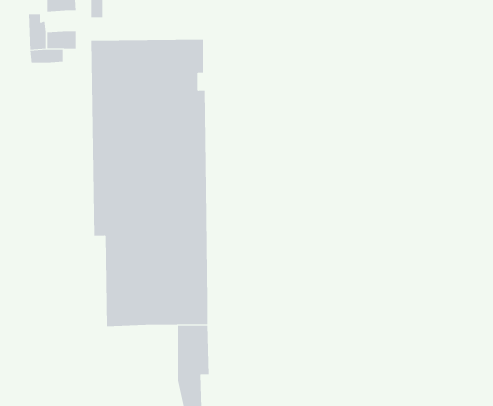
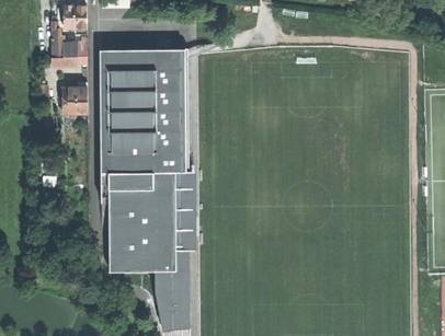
building: none -> [64,83,89,114]

